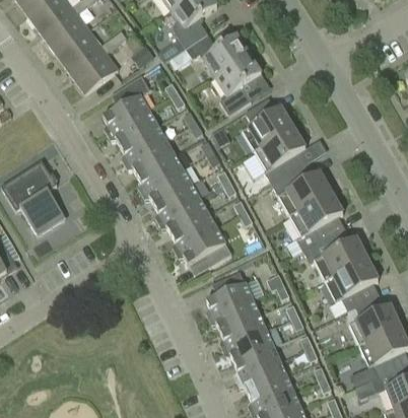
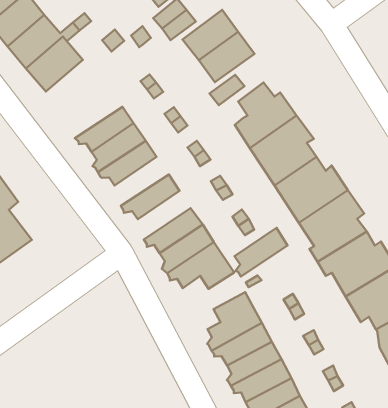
building: [103,75,150,133] -> none
building: [137,153,183,192] -> none
building: [154,183,199,221] -> [235,228,288,277]

